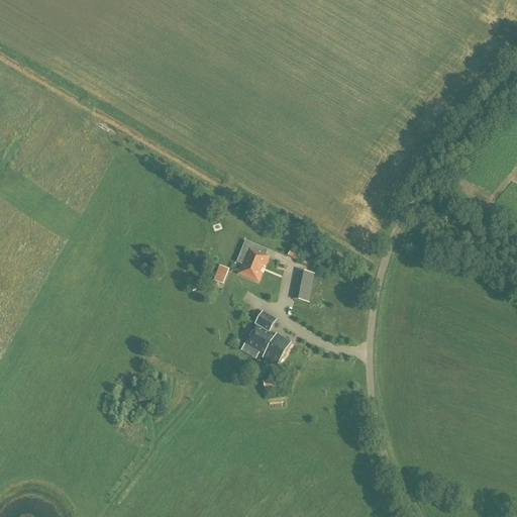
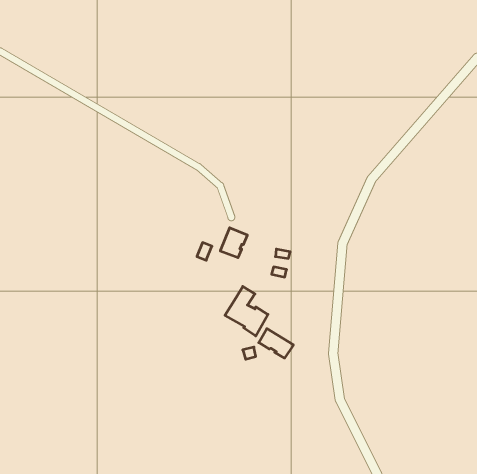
building: none -> [259,329,293,358]

